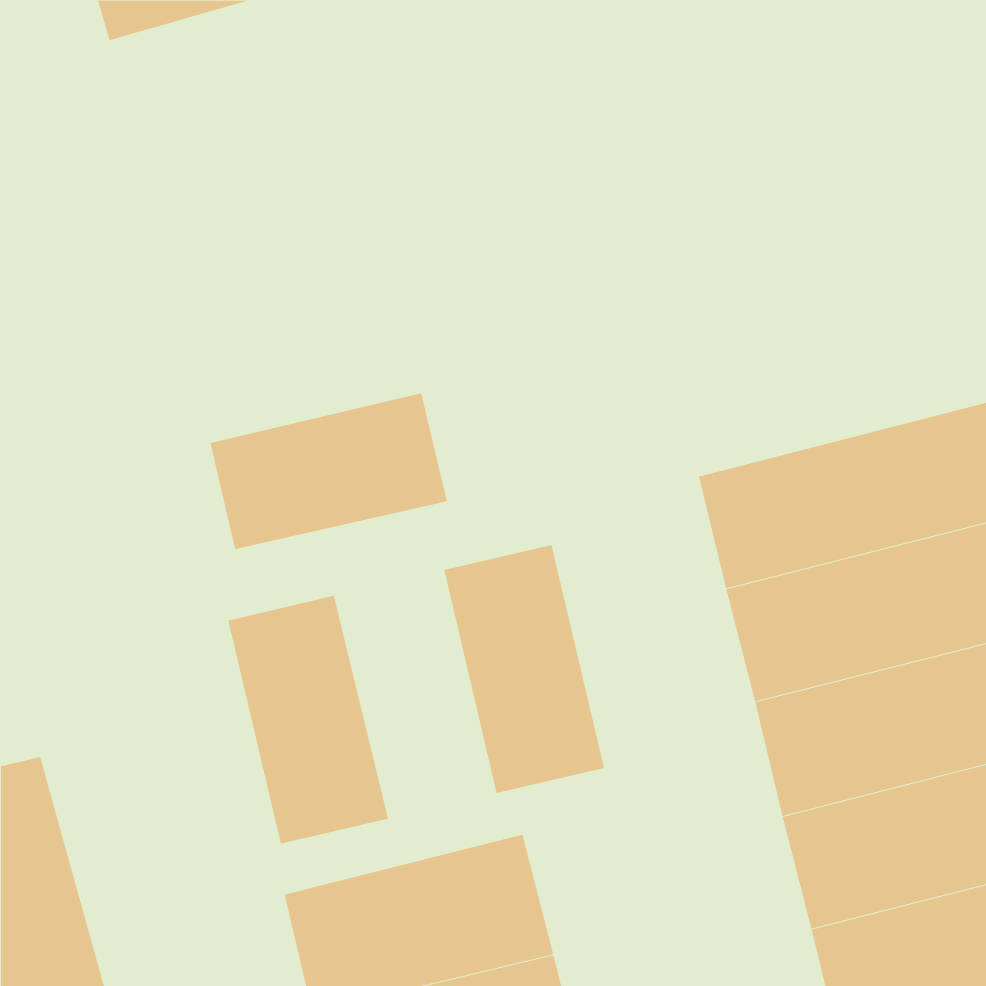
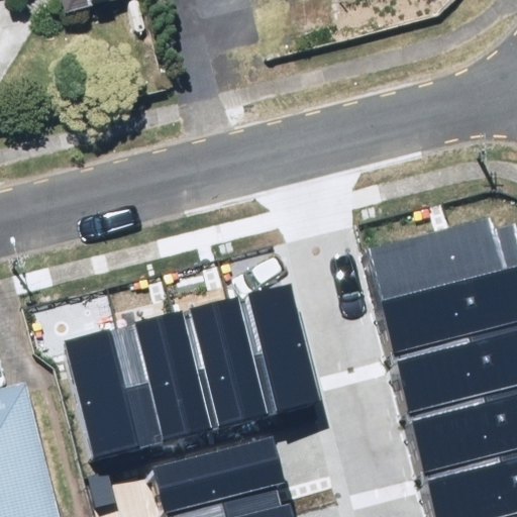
building: [210,393,447,550] -> none
building: none -> [178,300,262,429]
building: none -> [66,326,149,455]

